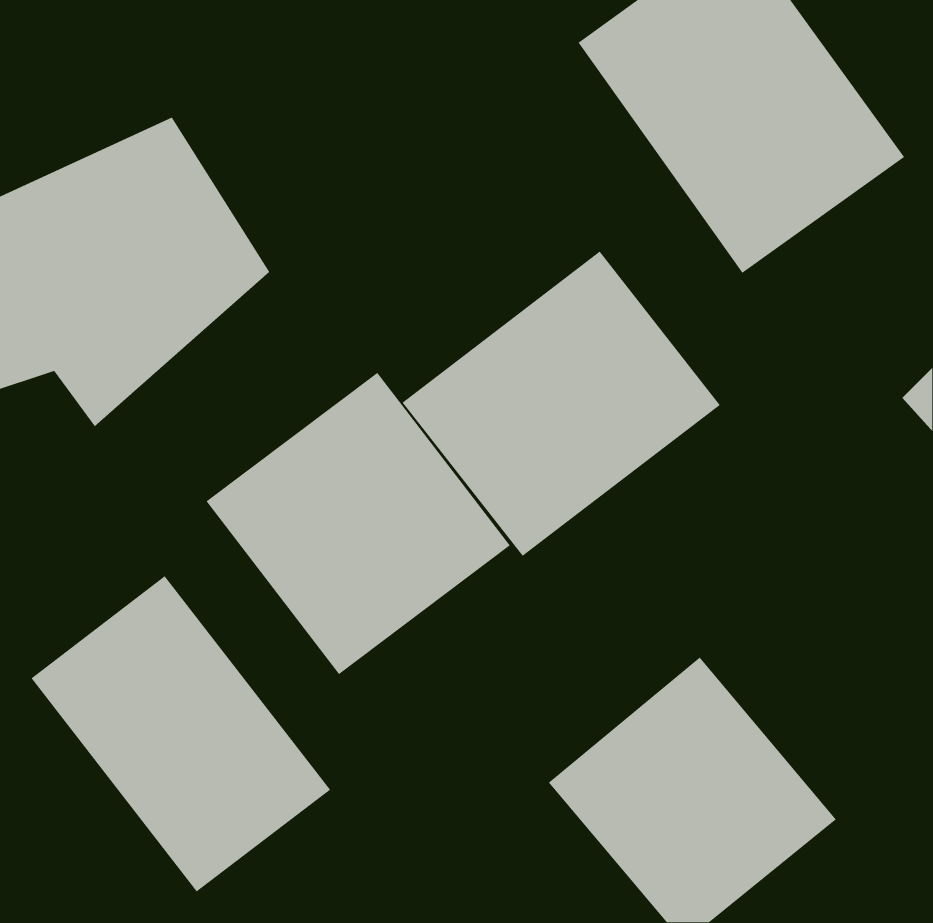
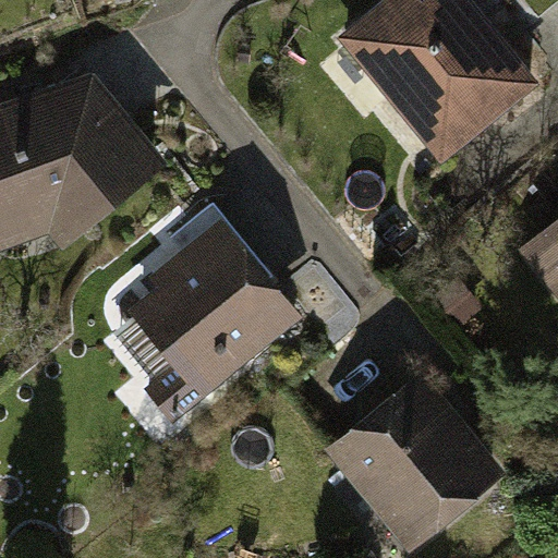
building: [401,251,721,557] -> none
building: [30,575,331,893] -> none

